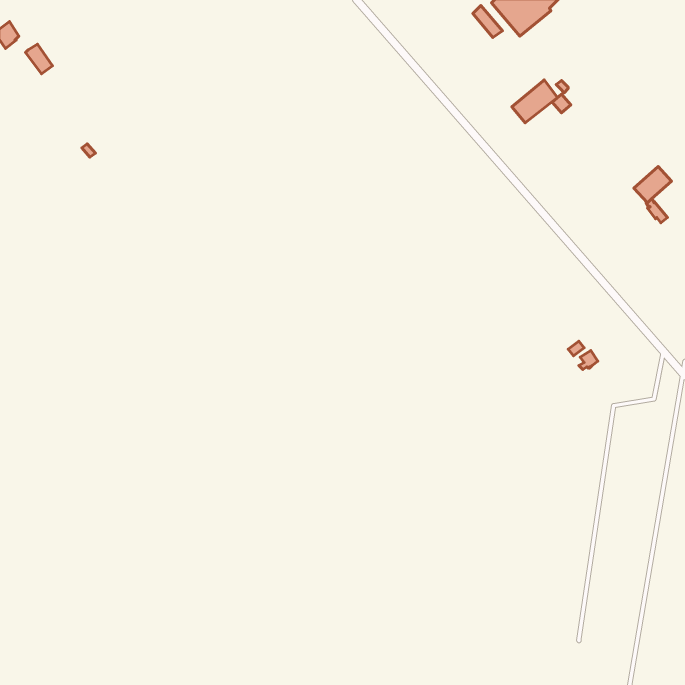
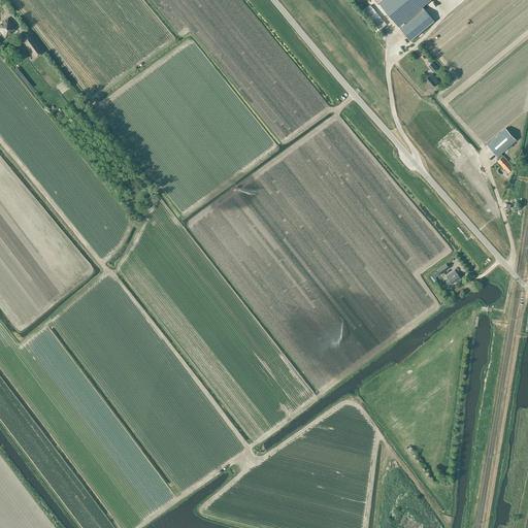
building: [512,80,558,123] -> [399,7,434,40]

